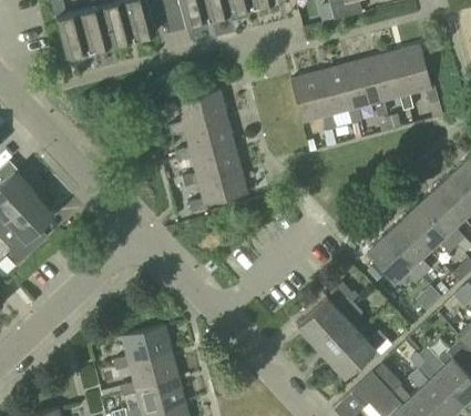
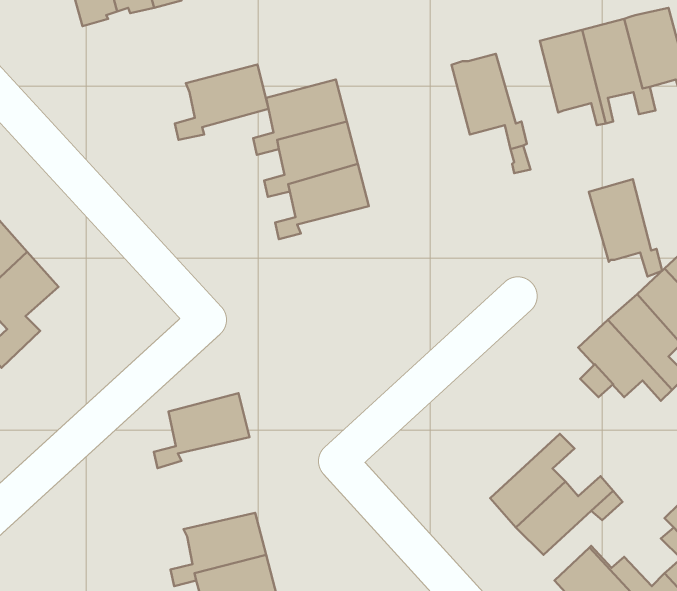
building: [317,67,361,125] -> [589,179,662,276]
building: [191,166,247,212] -> [175,65,268,140]
building: [298,296,356,343] -> none
building: [114,325,172,371] -> [154,393,249,468]

